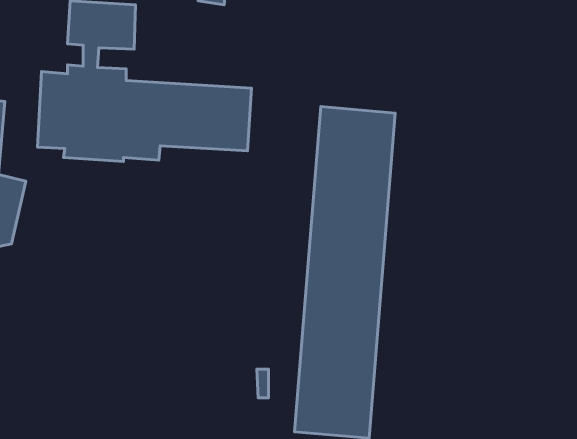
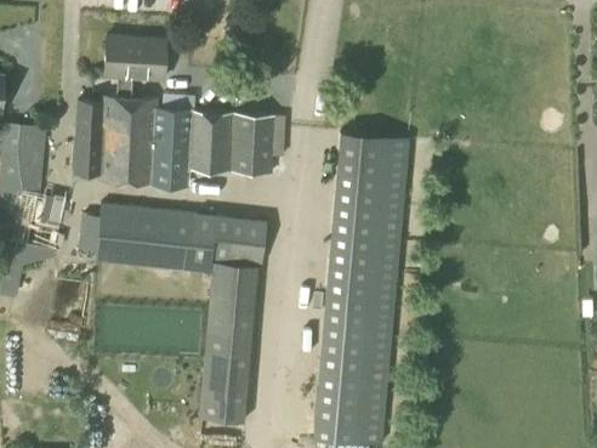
building: none -> [95,205,267,425]

